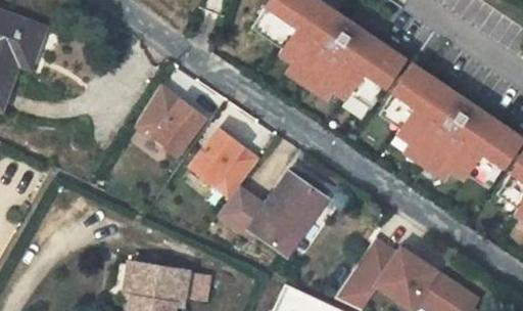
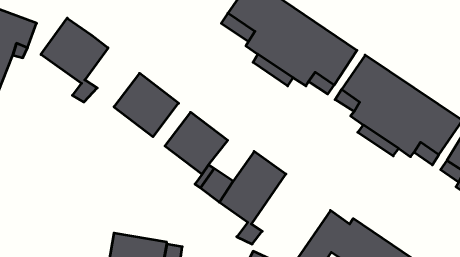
building: none -> [41,18,108,102]

